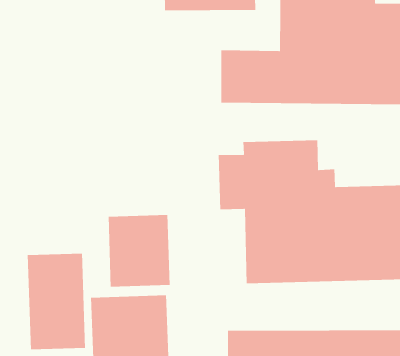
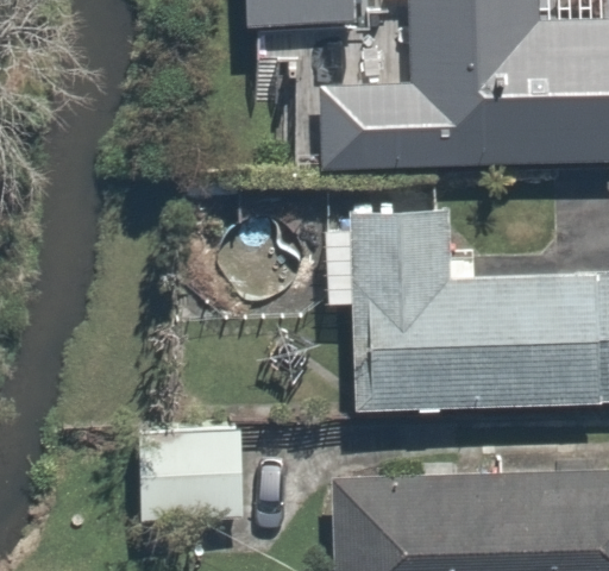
building: [108,214,170,288] -> none
building: [27,253,86,350] -> none

